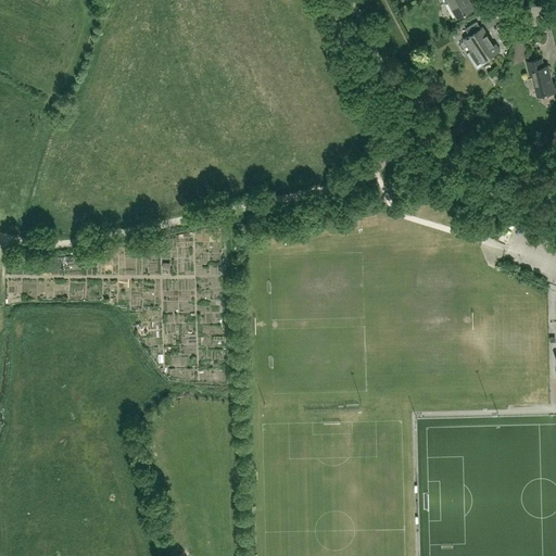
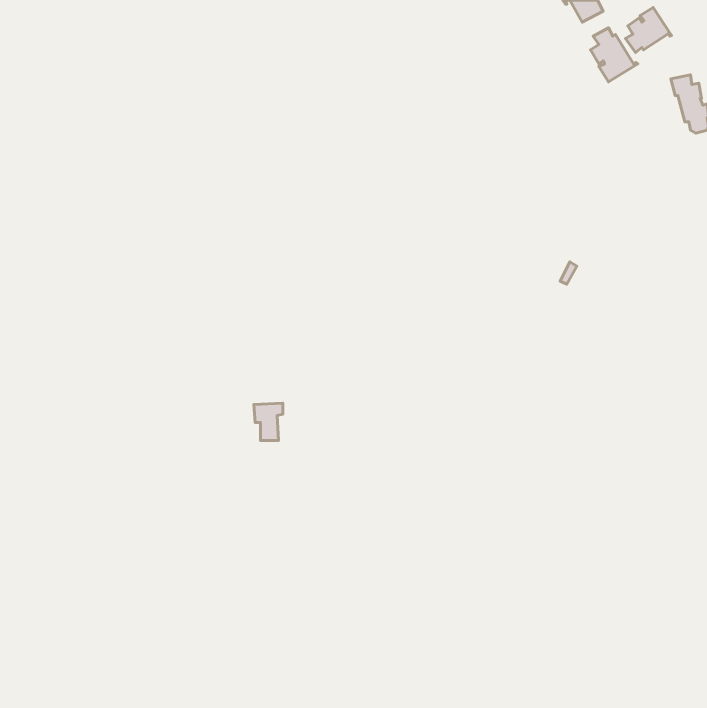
building: none -> [626,7,672,52]

